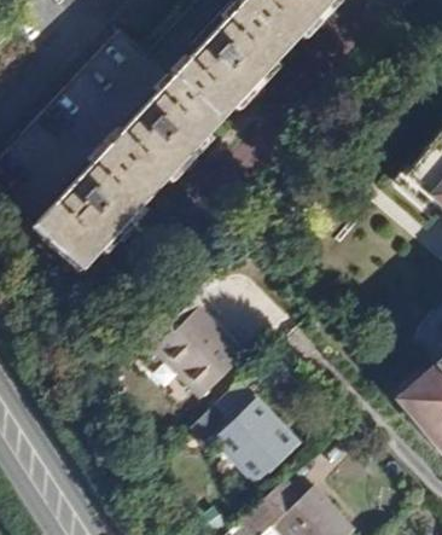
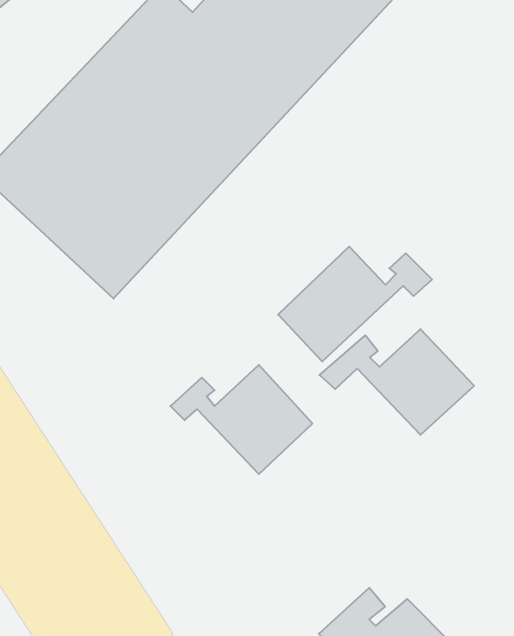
building: none -> [278,247,432,362]
building: [181,407,299,488] -> [319,329,474,435]

